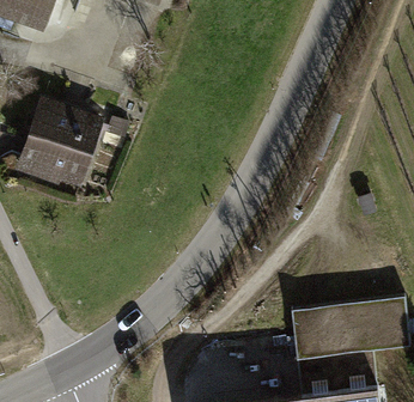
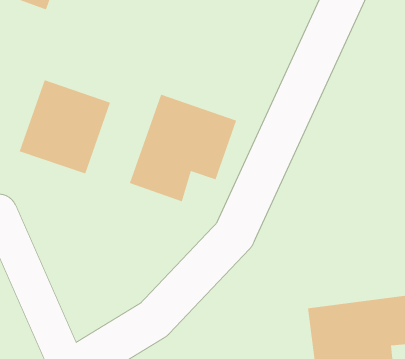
building: none -> [129,94,237,202]

